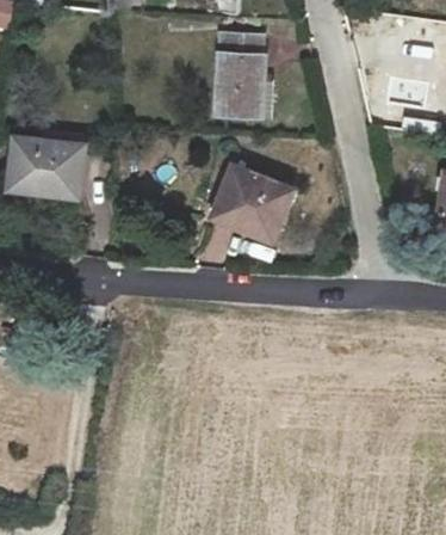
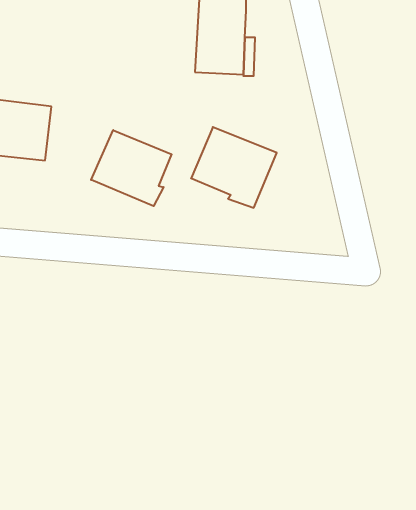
building: none -> [91,130,172,206]

